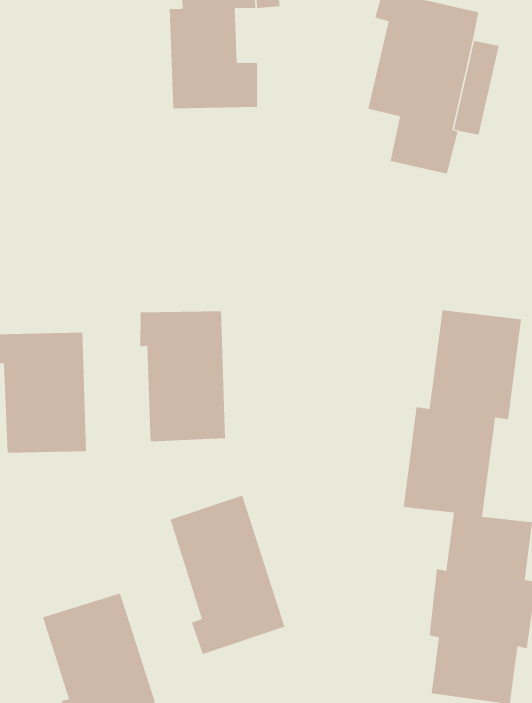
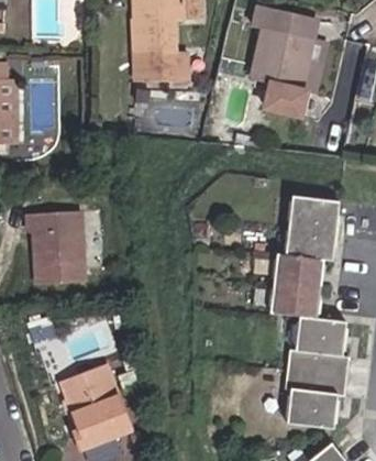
building: [140,310,226,442] -> none
building: [170,495,285,655] -> none

